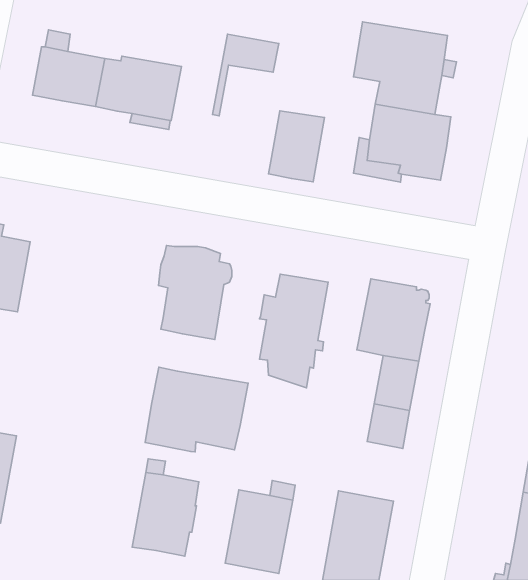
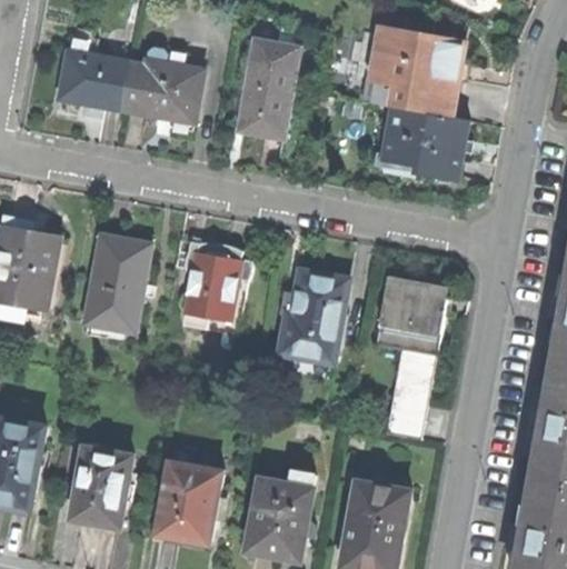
building: [268,111,325,182] -> [239,68,294,137]
building: none -> [83,234,151,337]
building: [145,367,248,452] -> none
building: none -> [71,447,131,527]

